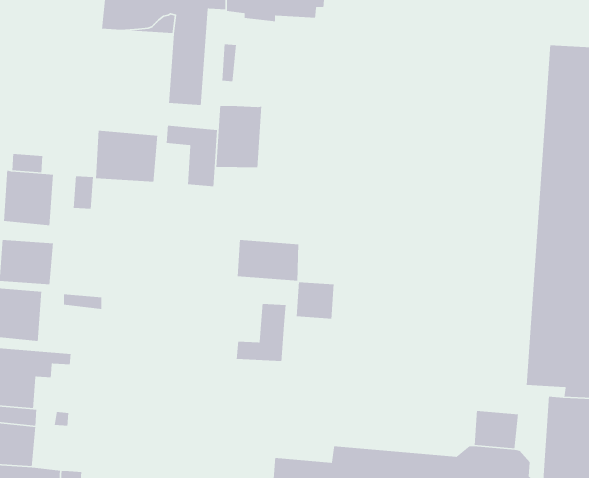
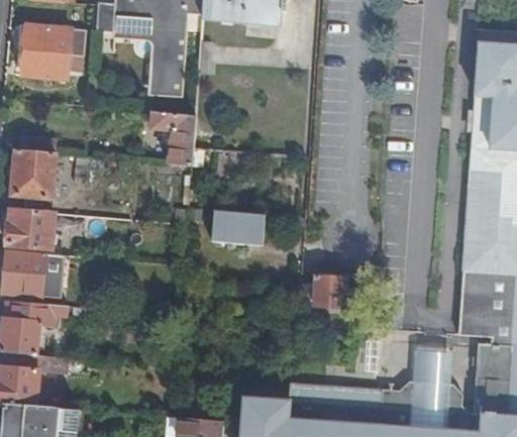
building: none -> [21,24,78,80]
building: [215,105,262,168] -> none
building: [95,130,158,182] -> none
building: [296,282,335,319] -> [313,276,346,308]
building: [236,303,287,362] -> none

